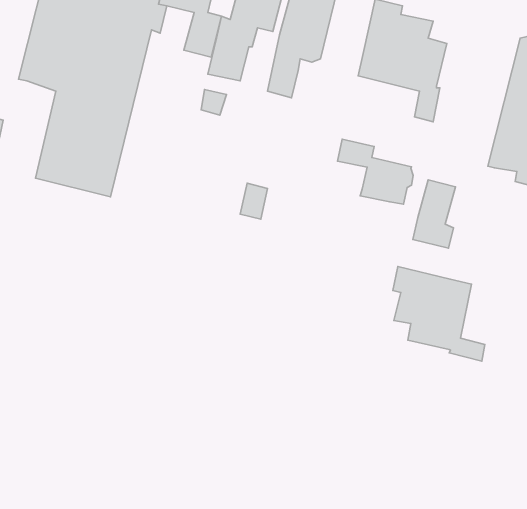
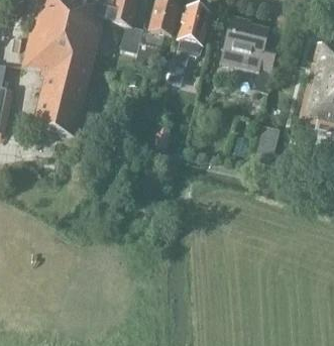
building: [337,139,413,204] -> none
building: [393,267,485,361] -> none

